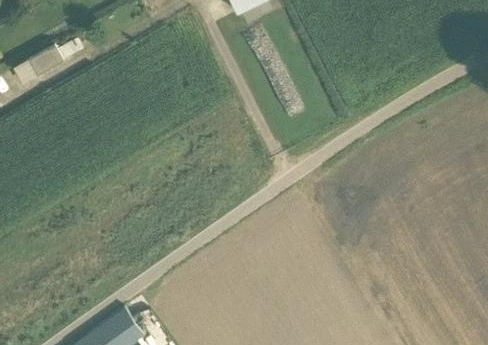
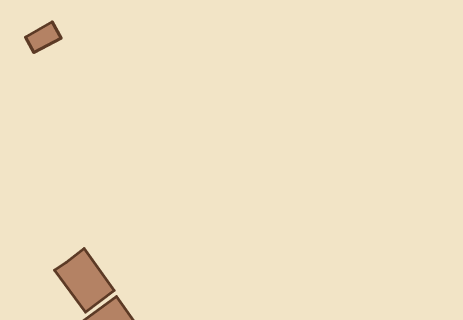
building: none -> [55,249,114,312]

